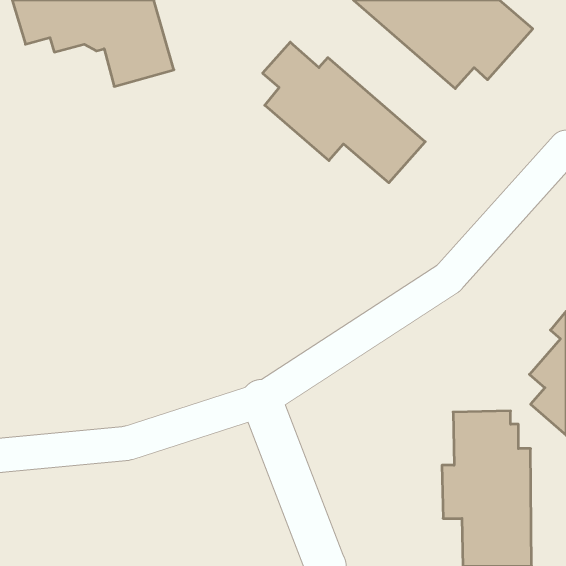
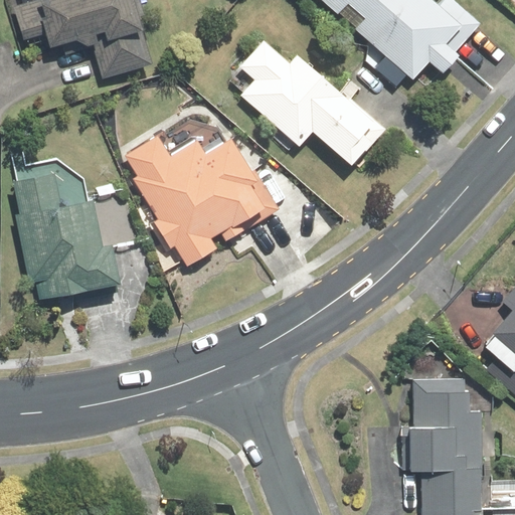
building: none -> [120,131,280,266]
building: none -> [13,173,121,299]

